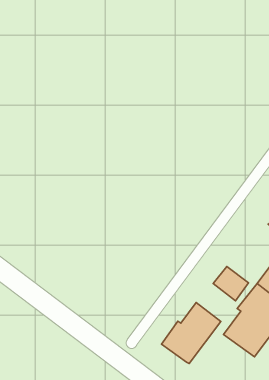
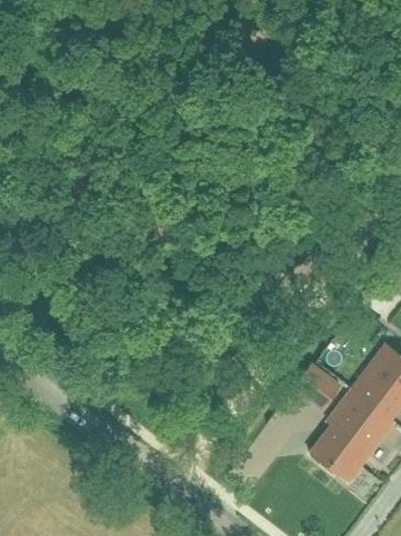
building: [162,302,221,364] -> none

